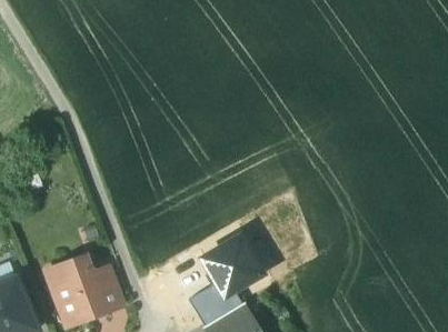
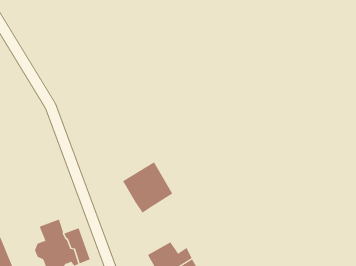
building: [201,238,261,299] -> [122,161,173,213]

